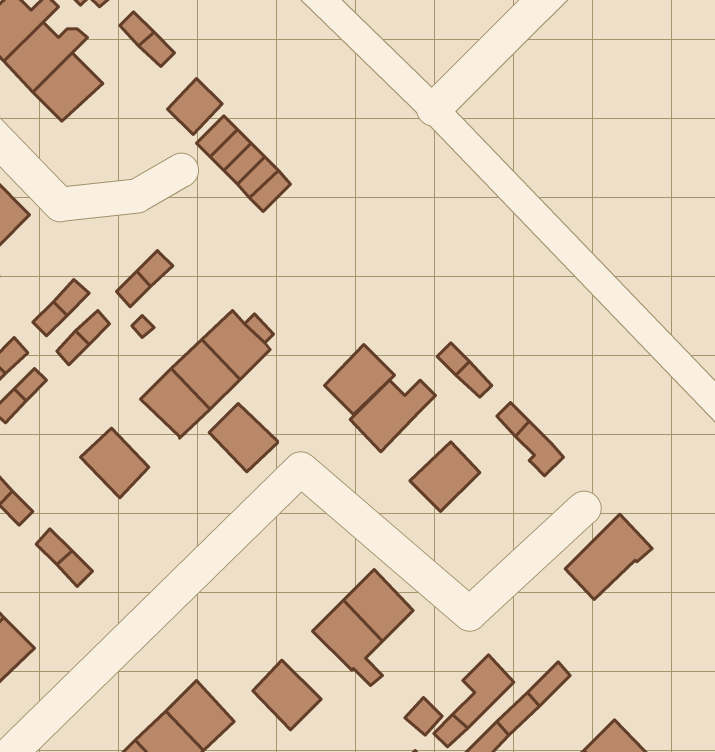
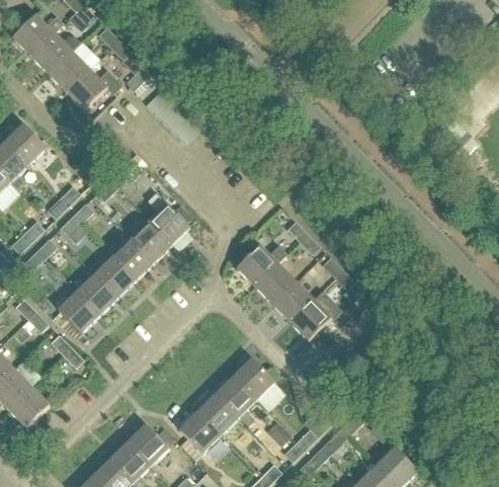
building: none -> [65,69,120,110]
building: [325,345,395,415] -> [254,263,296,305]
building: [209,404,277,472] -> [94,256,135,297]
building: none -> [57,291,99,333]
building: [565,514,652,600] -> [289,291,341,341]
building: none -> [195,394,237,434]

